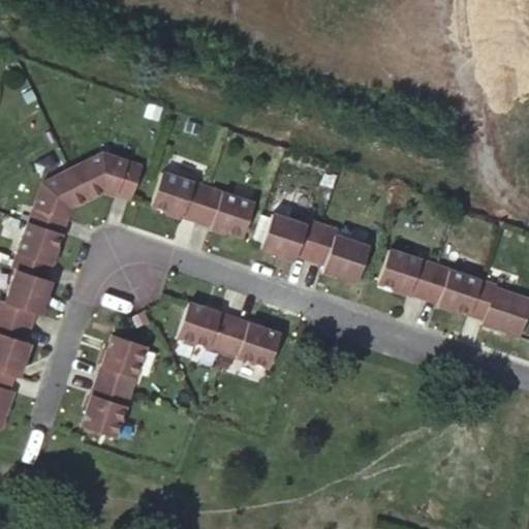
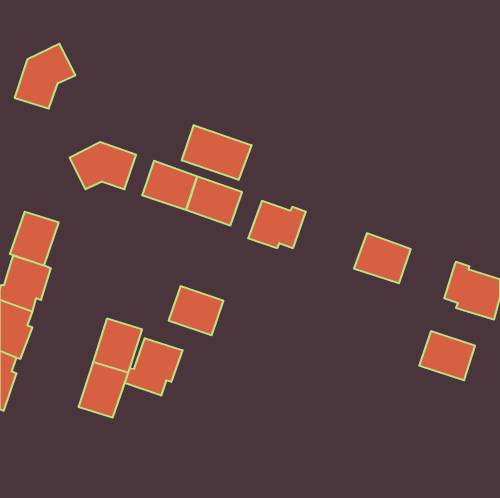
building: none -> [182,125,252,180]
building: [26,166,90,235] -> [15,44,75,109]
building: [309,223,366,282] -> none
building: [421,262,479,314] -> [419,331,475,380]
building: [223,317,280,369] -> none
building: none -> [125,338,183,396]

